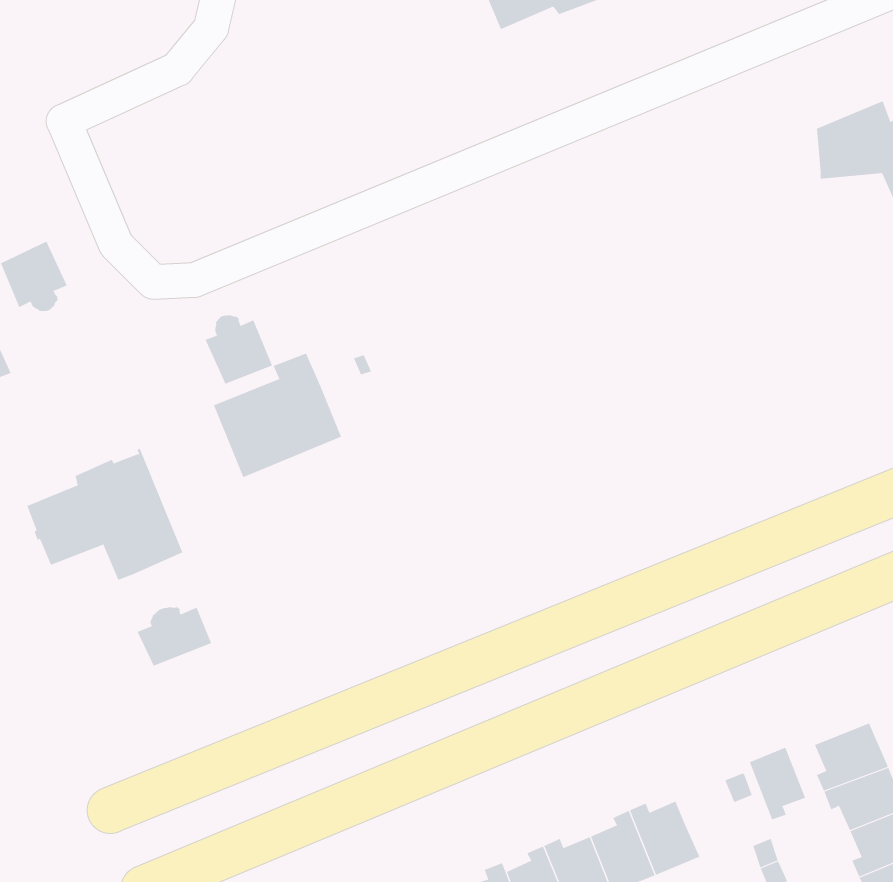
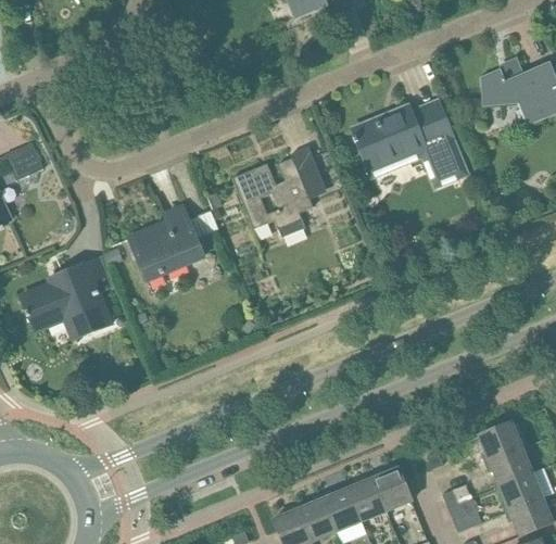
building: none -> [352,100,469,181]
building: none -> [232,146,327,237]
building: [205,315,273,385] -> none
building: [137,607,212,666] -> none
building: [749,747,806,820] -> none

